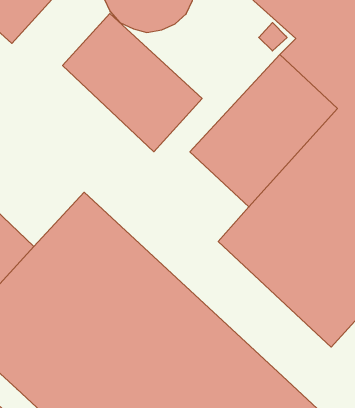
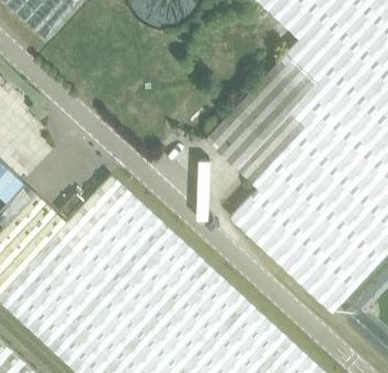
building: [63,13,202,152] -> none

